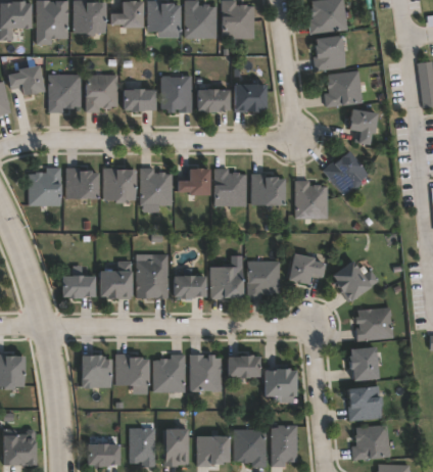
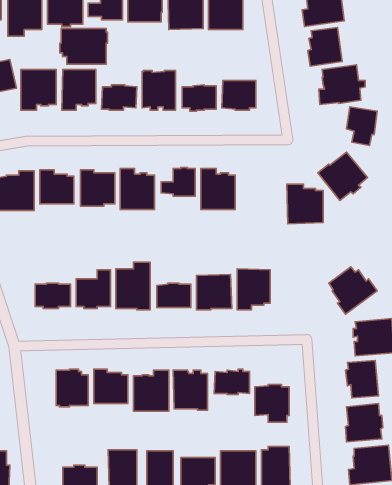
building: none -> [60,29,108,64]
building: [251,173,285,204] -> none
building: [288,252,325,284] -> none

